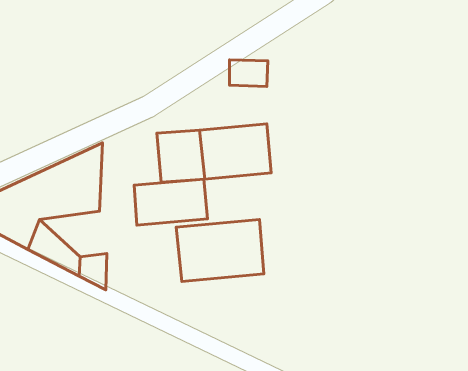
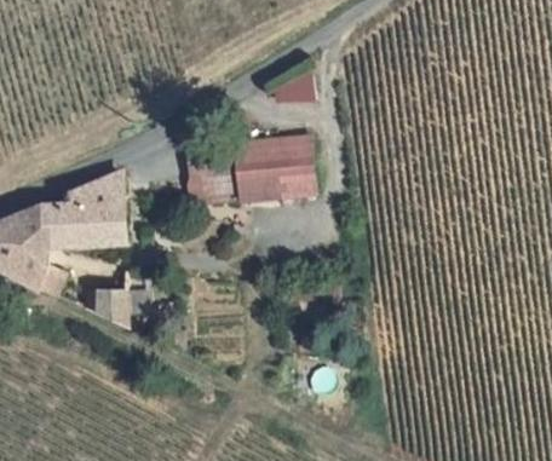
building: [134,179,208,225] -> none
building: [176,219,264,282] -> none

